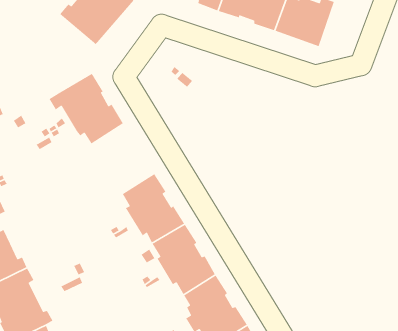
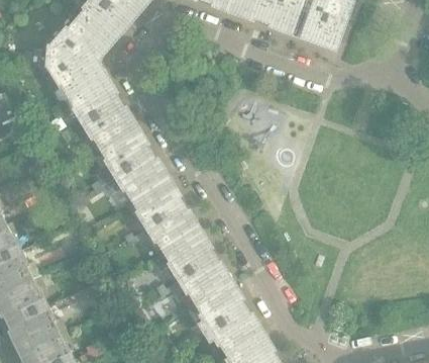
building: none -> [40,15,107,95]
building: none -> [89,126,167,198]

